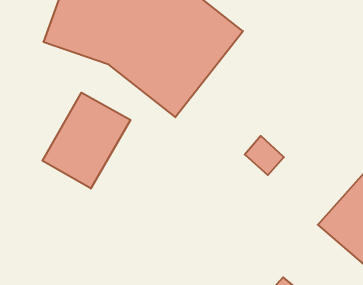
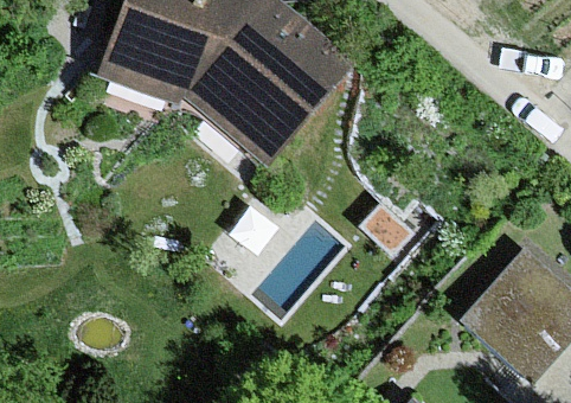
building: [42,93,130,189] -> none

